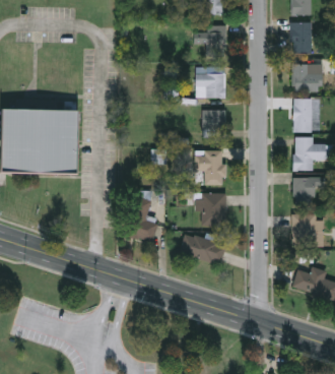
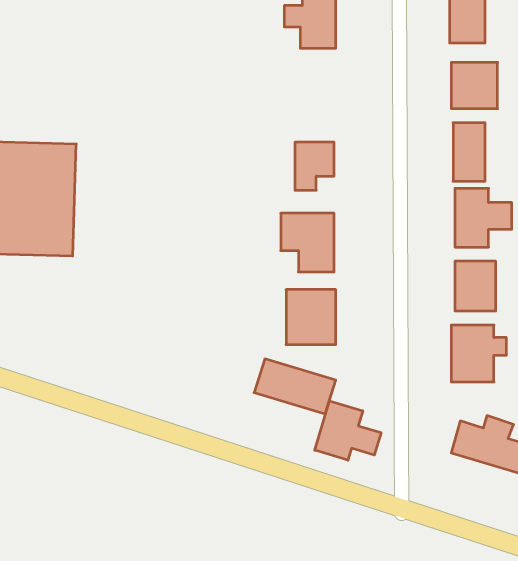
building: [196,67,225,98] -> none
building: [126,197,158,243] -> none
building: none -> [315,401,381,460]

